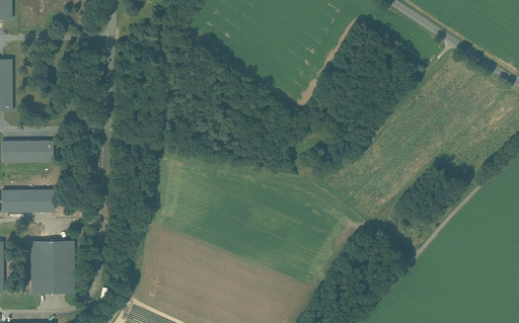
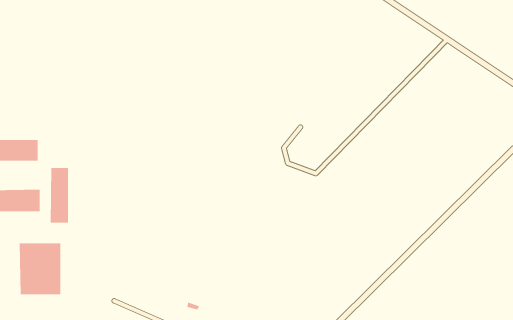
building: none -> [50,167,69,224]

